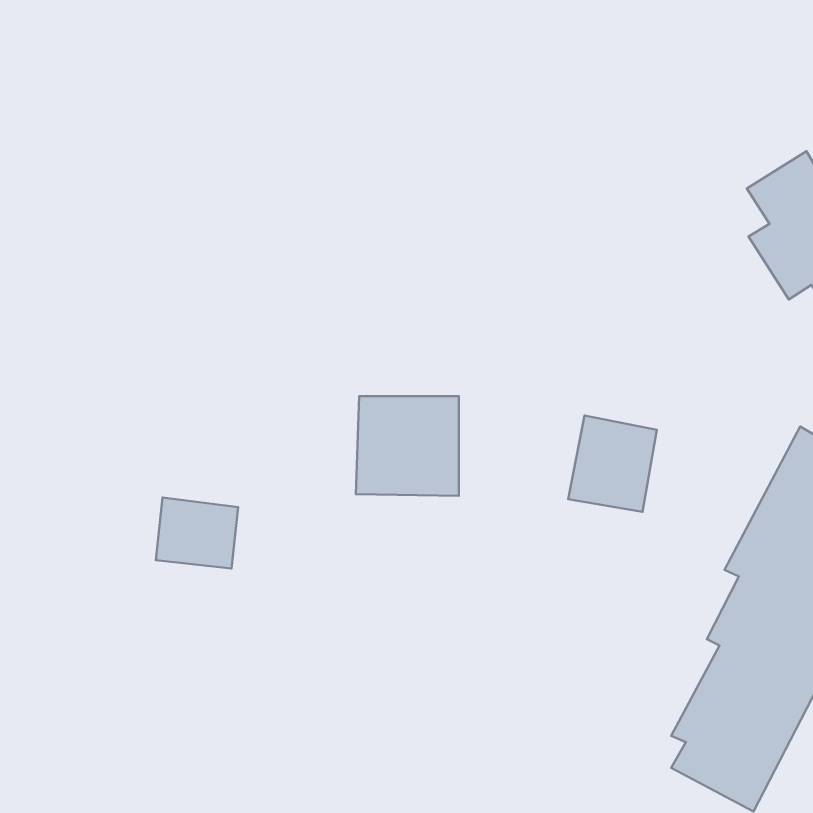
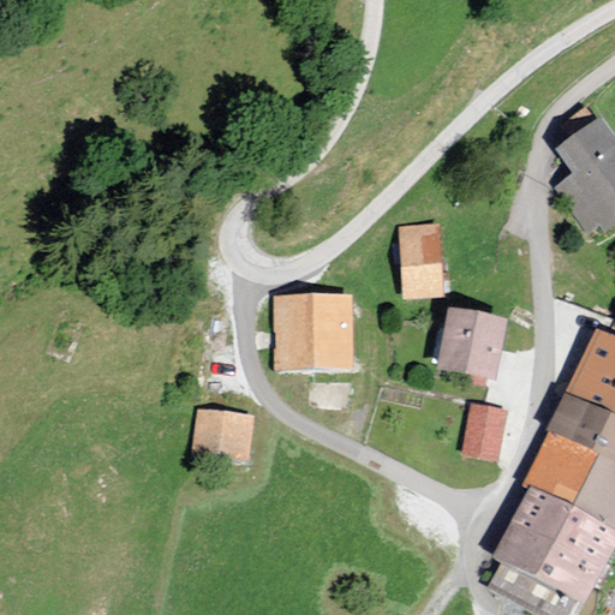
building: none -> [400,222,444,295]
building: [156,498,238,568] -> [191,408,252,461]
building: none -> [459,402,501,461]

